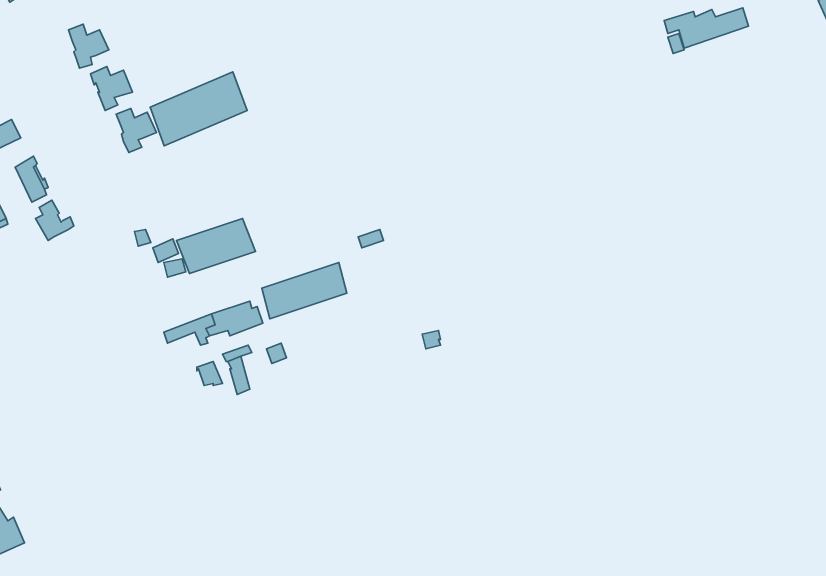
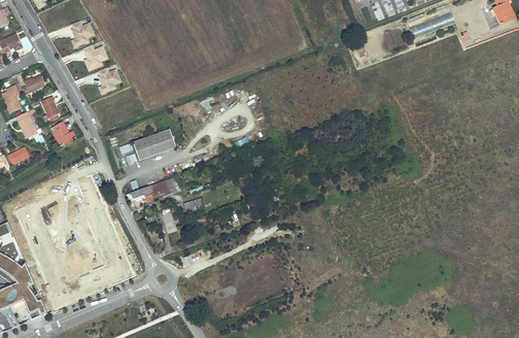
building: [150,72,247,146] -> none
building: [262,263,347,319] -> none

